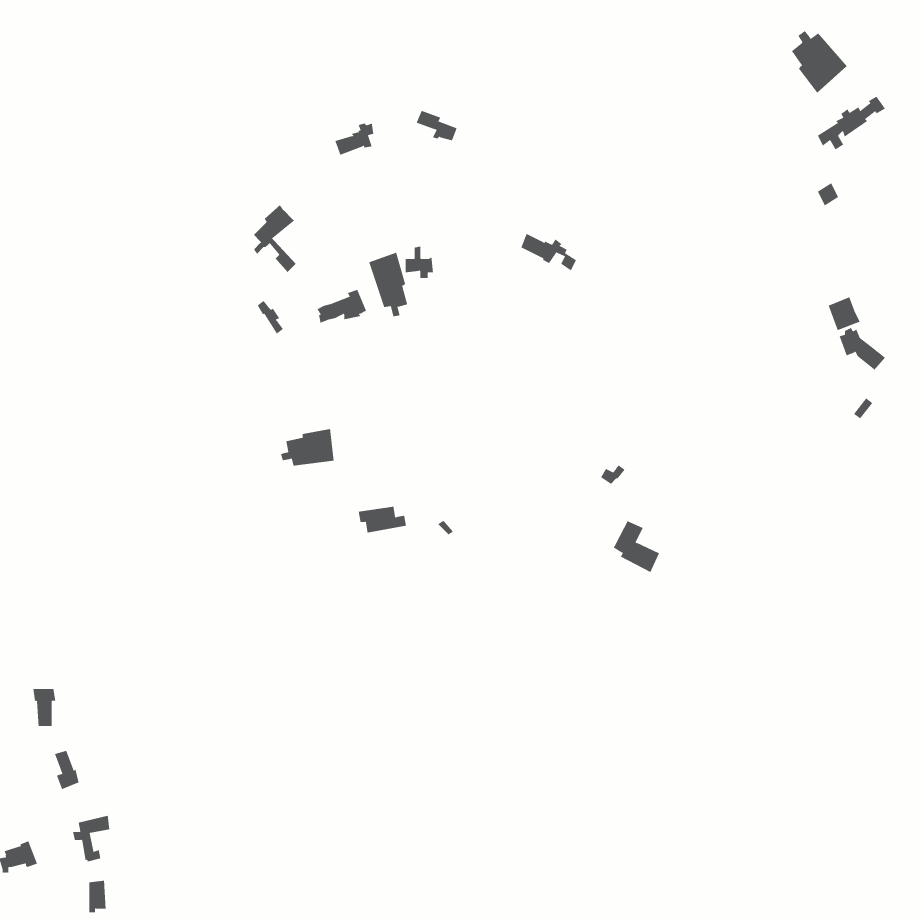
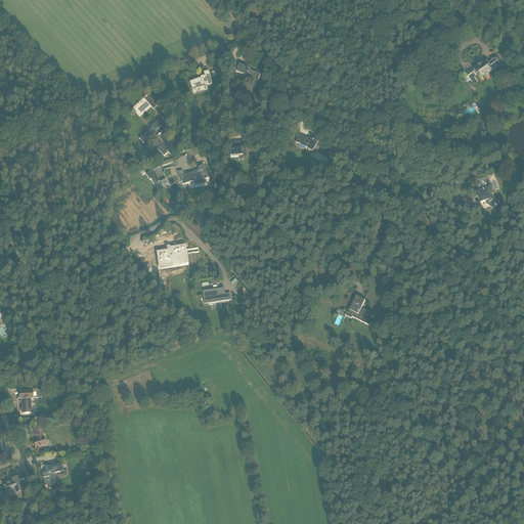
building: [791,30,848,93] -> none
building: [368,252,408,317] -> none

